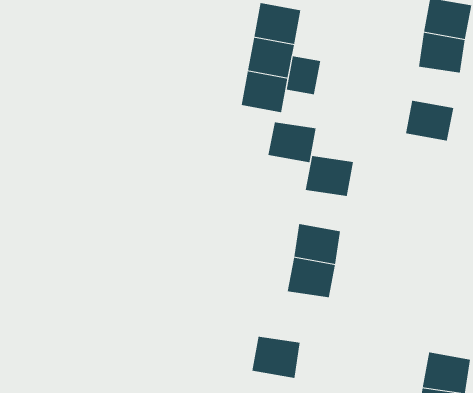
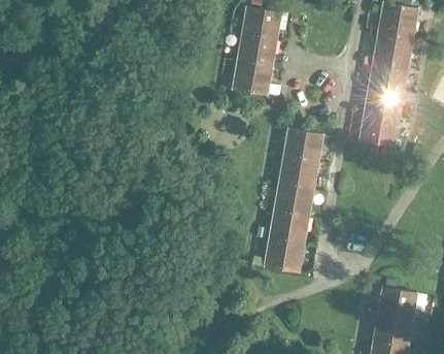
building: [286,56,321,95] -> none
building: none -> [369,58,408,91]
building: [268,122,316,163] -> [278,157,317,190]
building: none -> [360,111,398,146]
building: [252,336,300,378] -> [264,238,303,272]

